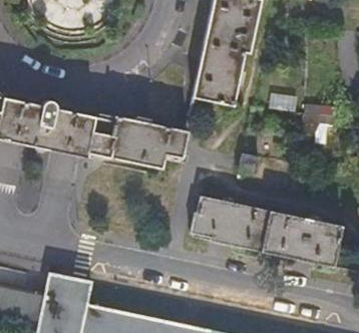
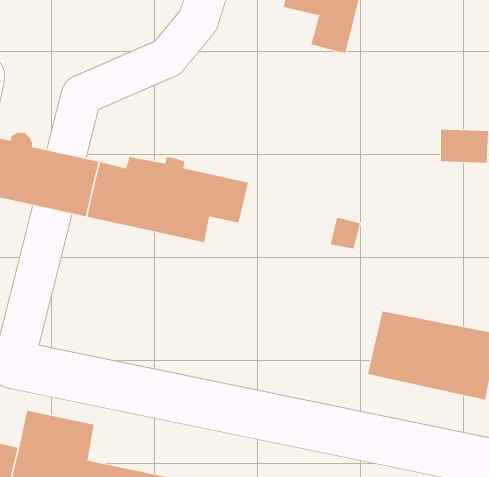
building: [193,24,246,106] -> none
building: [192,197,271,251] -> none

